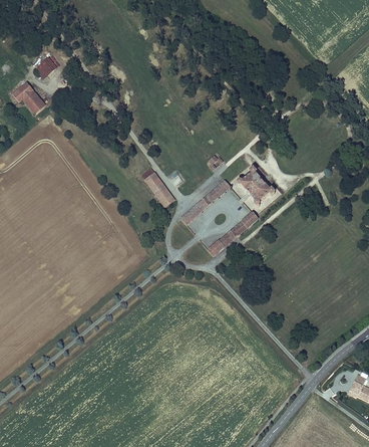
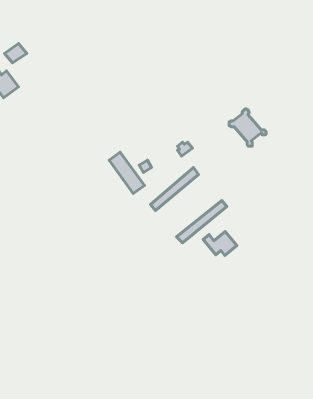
building: [236,170,273,207] -> [229,109,266,146]
building: none -> [203,231,237,256]

